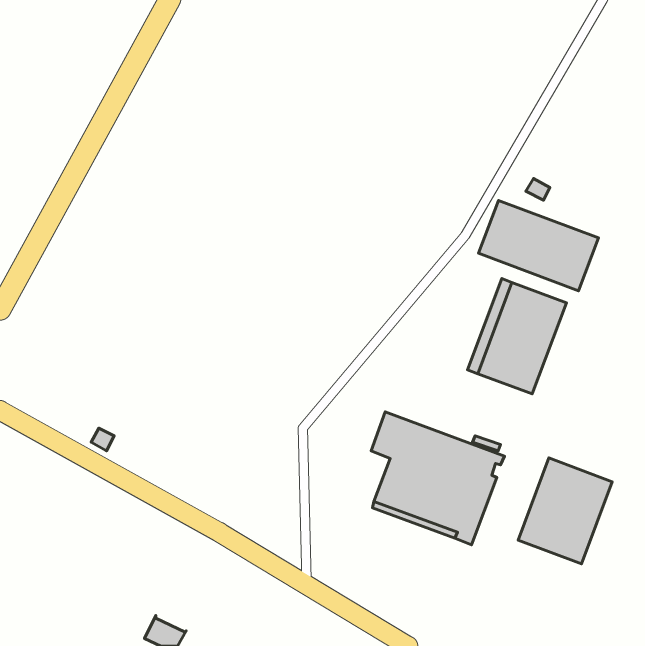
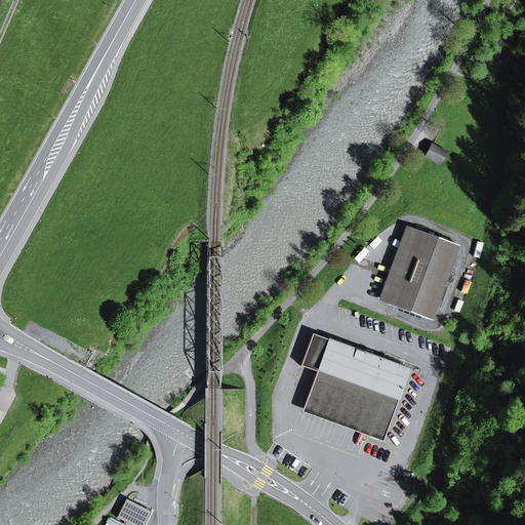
building: [479,200,599,291] -> none
building: [518,458,612,564] -> none

